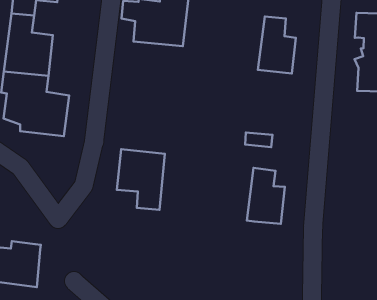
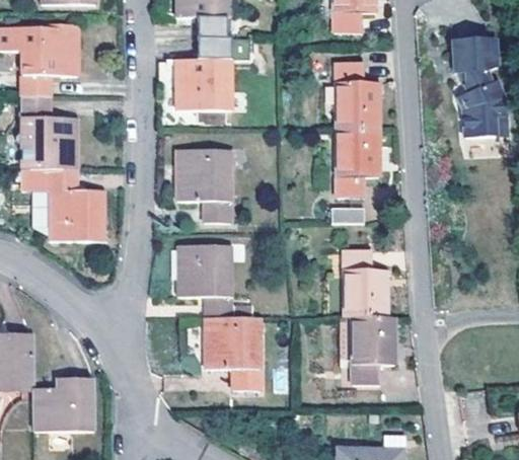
building: none -> [335,127,377,195]
building: none -> [177,150,233,221]
building: none -> [207,315,265,389]
building: none -> [354,314,395,382]

